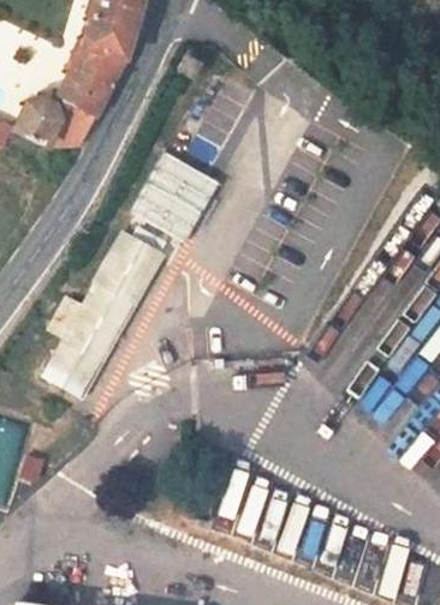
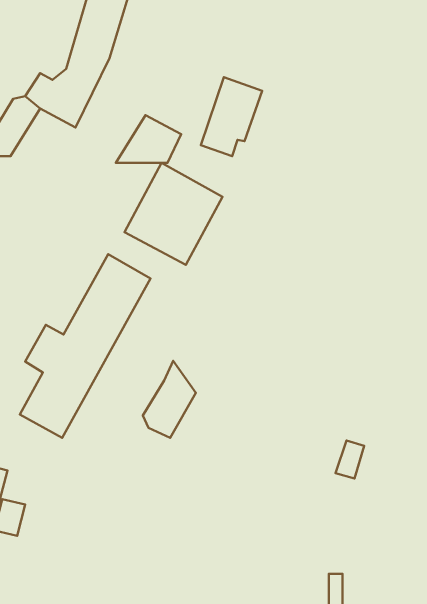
building: [35,104,93,146] -> [116,115,181,163]
building: none -> [143,361,196,438]

